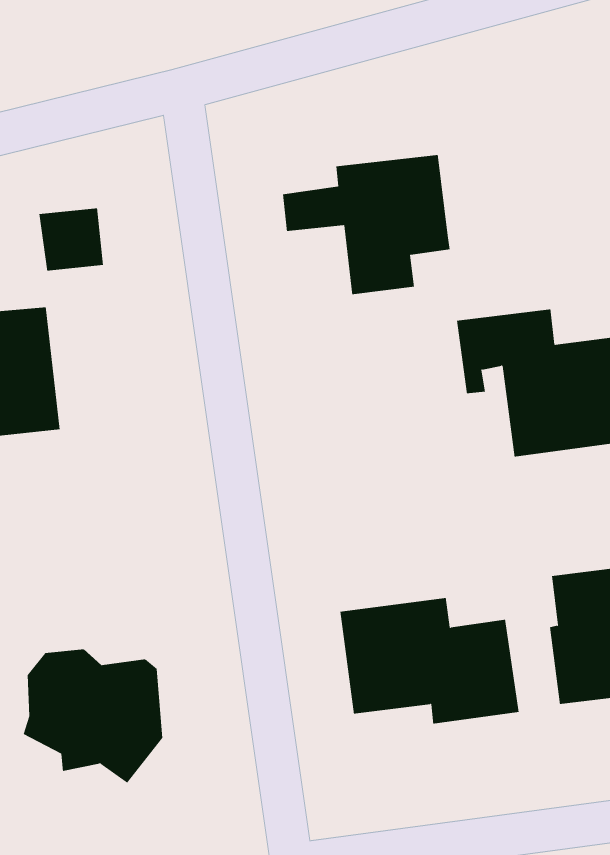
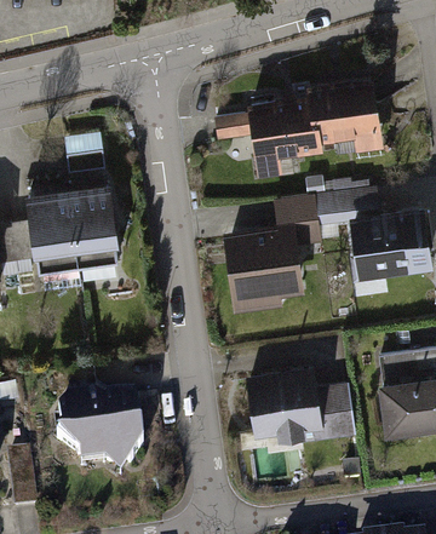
building: none -> [308,77,389,151]
building: none -> [69,184,117,264]
building: none -> [225,197,326,316]

